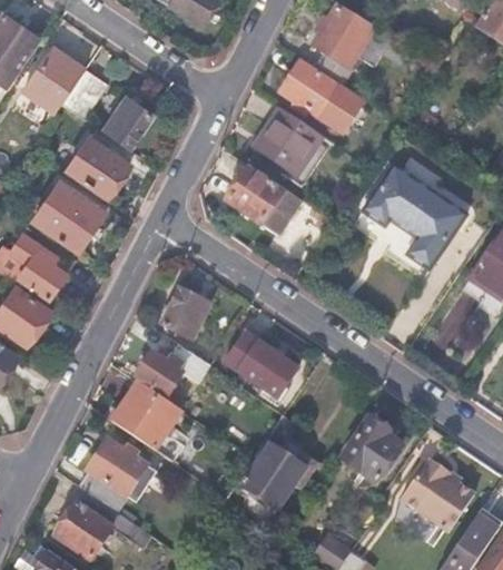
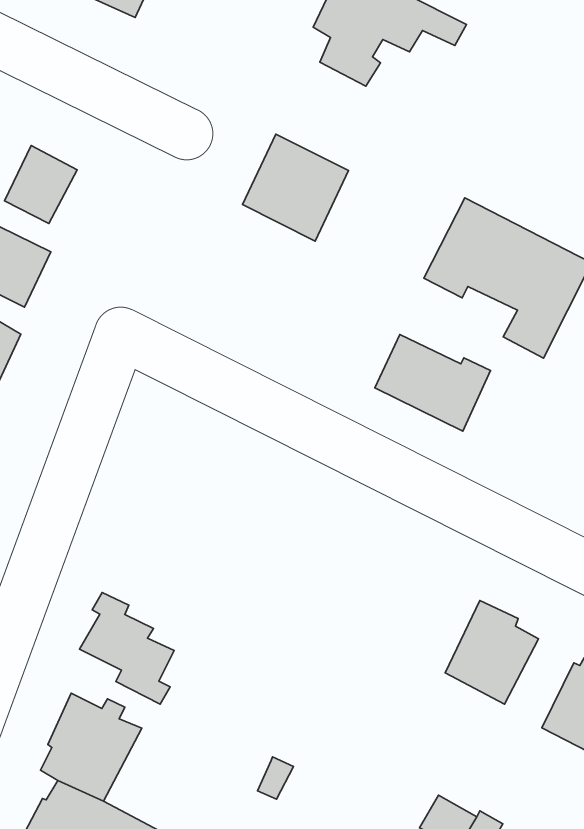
building: [279,58,356,128] -> none
building: [228,169,302,235] -> [375,334,490,431]
building: [162,289,208,338] -> none
building: [221,331,295,396] -> none
building: [136,344,207,393] -> none
building: [241,413,310,507] -> none

